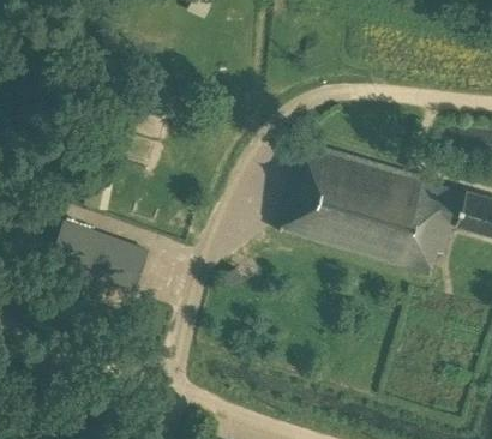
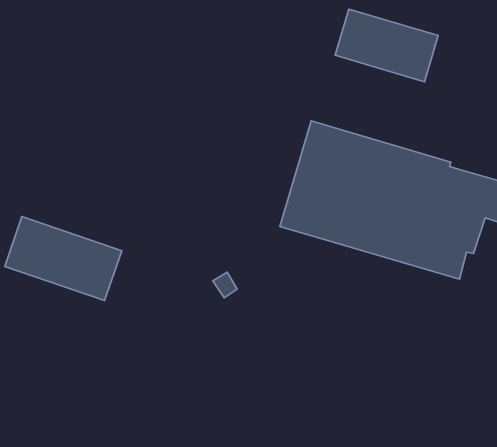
building: none -> [335,9,438,82]

